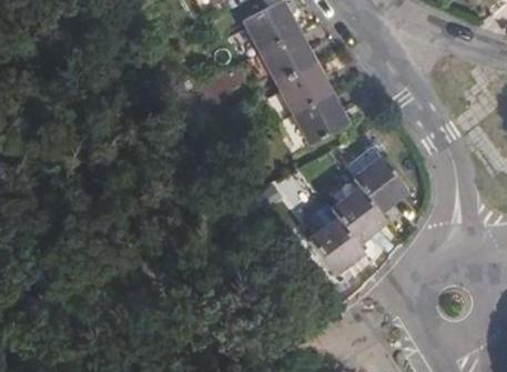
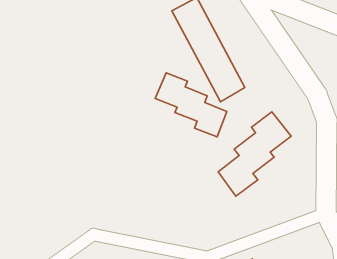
building: none -> [155,73,227,137]

